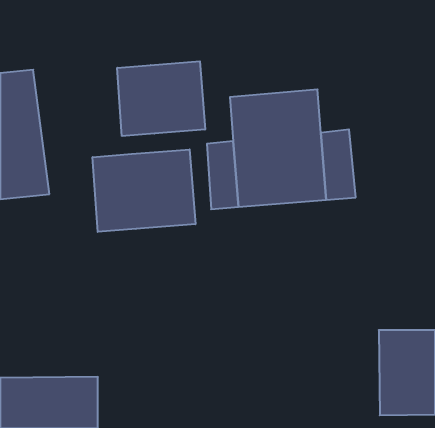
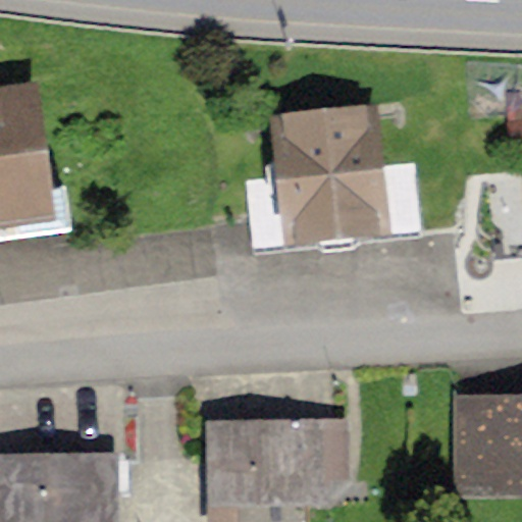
building: [117,61,205,136] -> none
building: [93,149,195,232] -> none
building: none -> [205,419,346,505]

